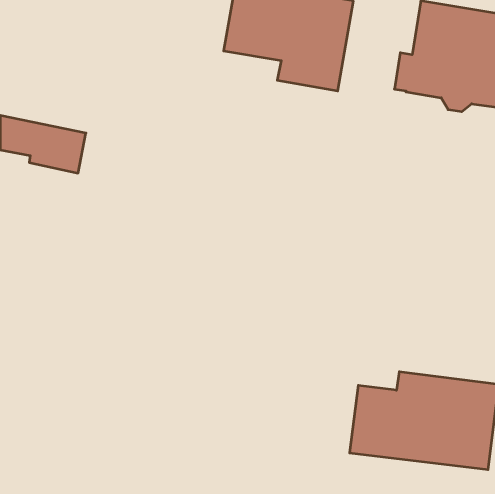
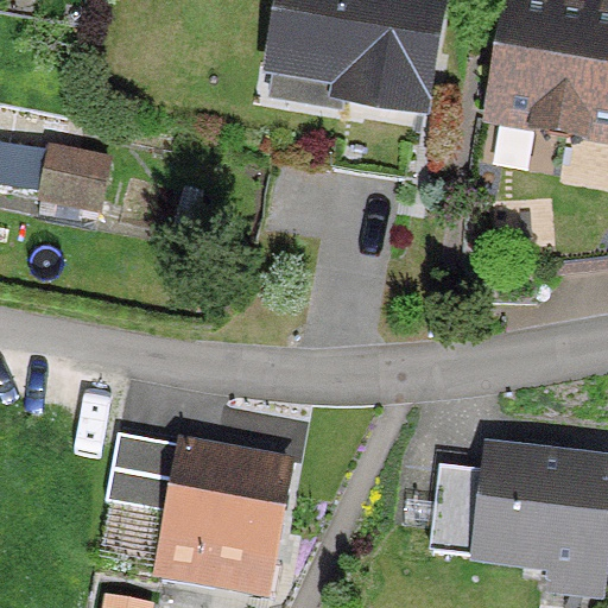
building: none -> [106,433,287,588]

